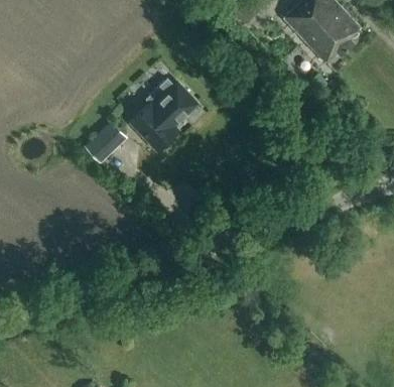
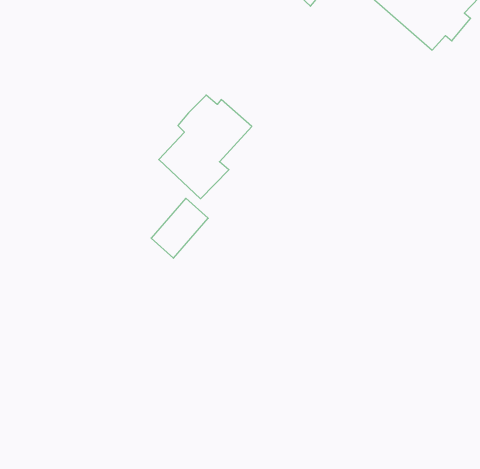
building: [86,121,126,161] -> [151,198,208,258]

